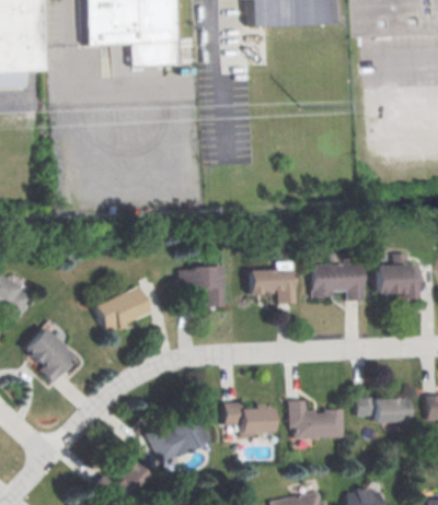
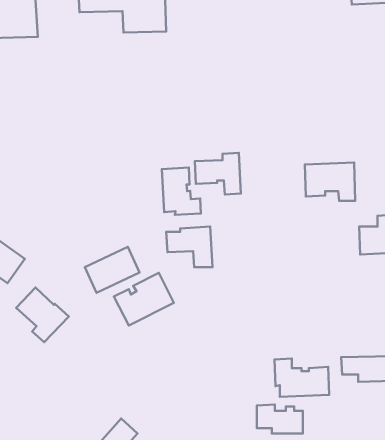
building: none -> [162,167,201,215]
building: [247,261,295,304] -> [195,153,241,195]
building: [311,261,362,301] -> [305,162,355,201]
building: [223,401,270,431] -> [257,404,303,433]
building: [147,408,208,461] -> [114,273,174,325]

